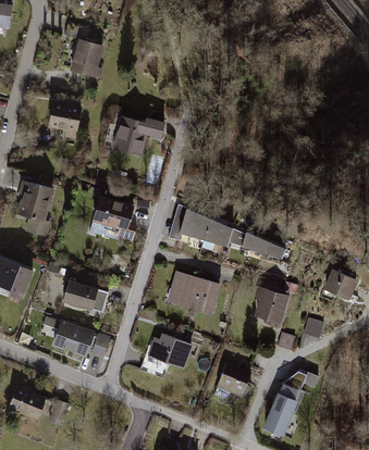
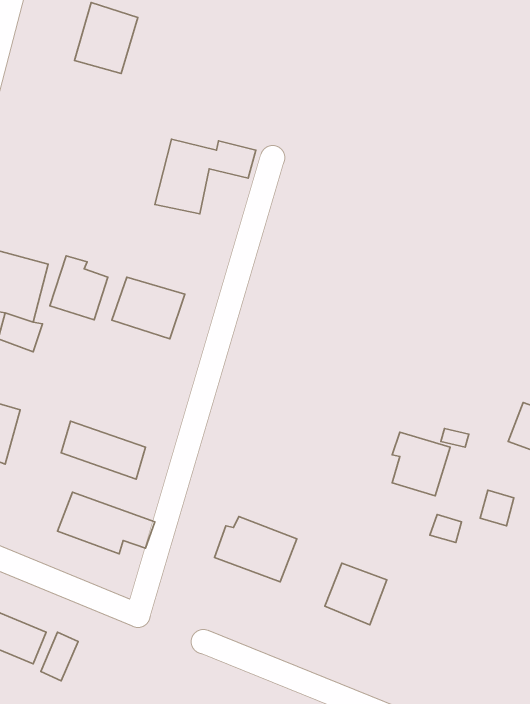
building: [48,100,79,139] -> none
building: none -> [50,256,108,320]
building: [176,205,231,247] -> none
building: [239,229,283,258] -> none
building: [169,273,226,317] -> none
building: [263,370,318,434] -> none

